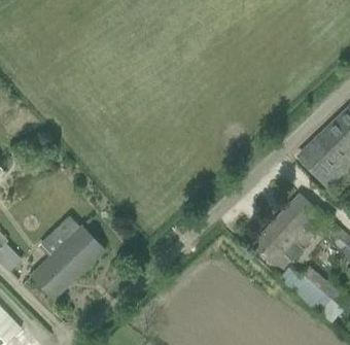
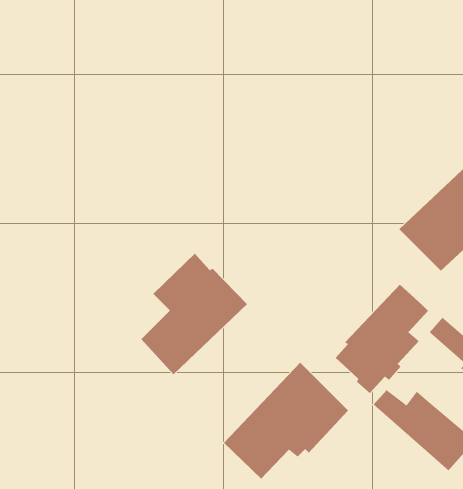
building: [31,216,104,300] -> [140,253,248,375]
building: none -> [223,362,349,480]

